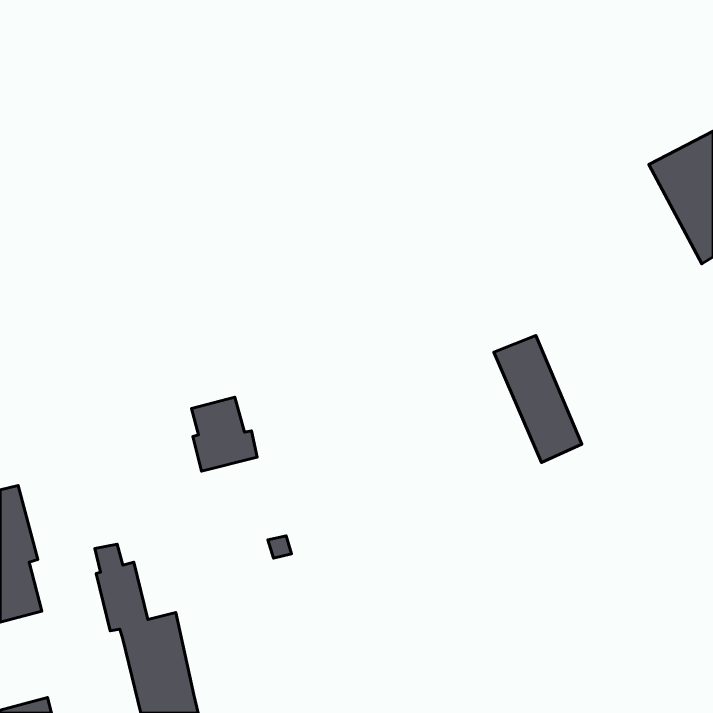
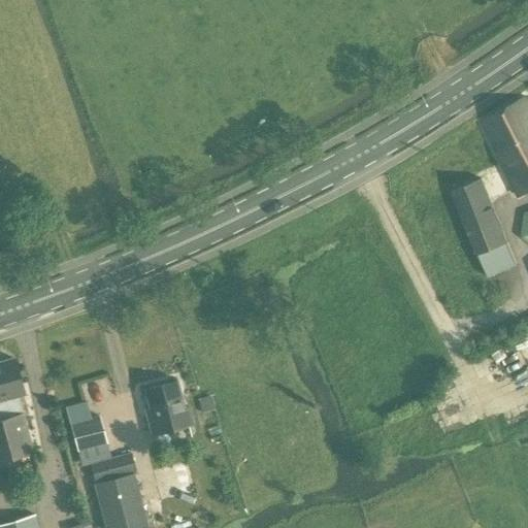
building: [494,335,582,462] -> [450,179,515,273]
building: [192,397,257,471] -> [144,381,193,435]

